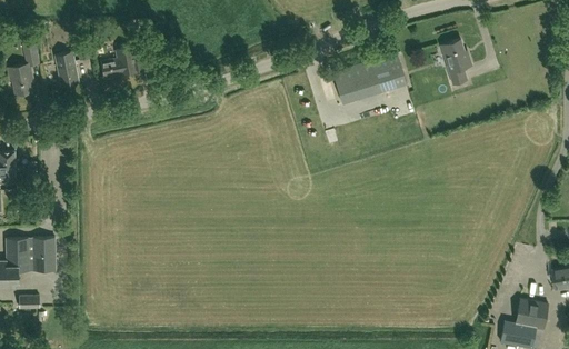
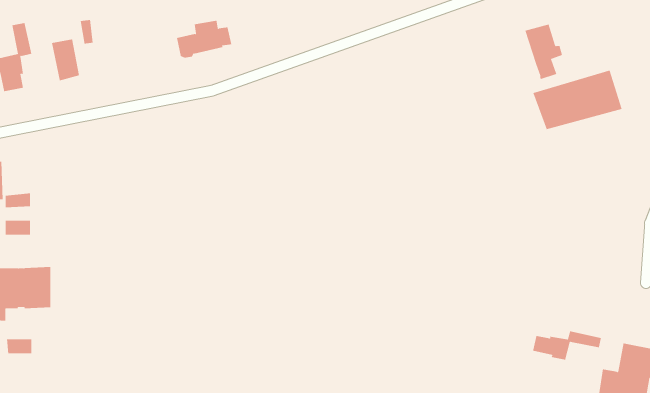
building: [101,48,147,79] -> [176,20,232,58]
building: [333,52,407,101] -> [532,70,622,130]
building: none -> [533,330,601,360]

